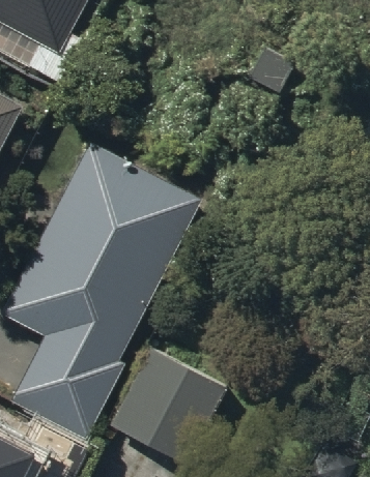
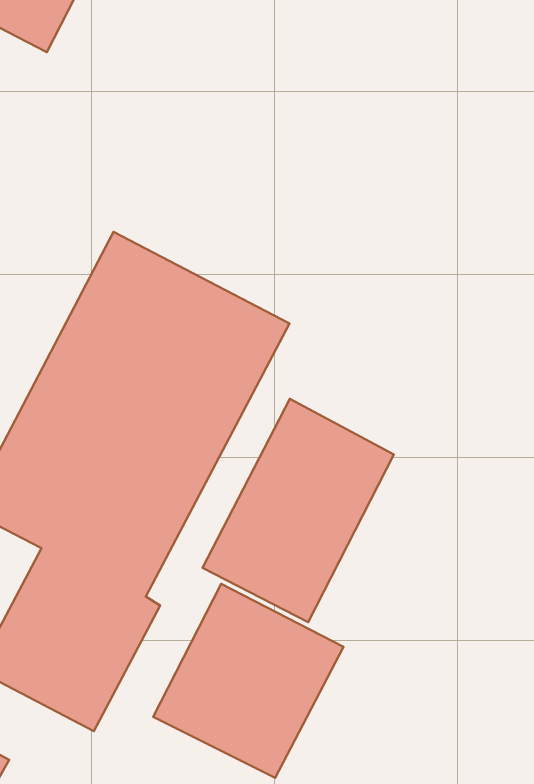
building: none -> [203,399,394,622]

